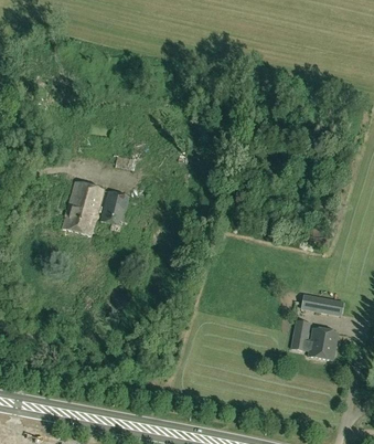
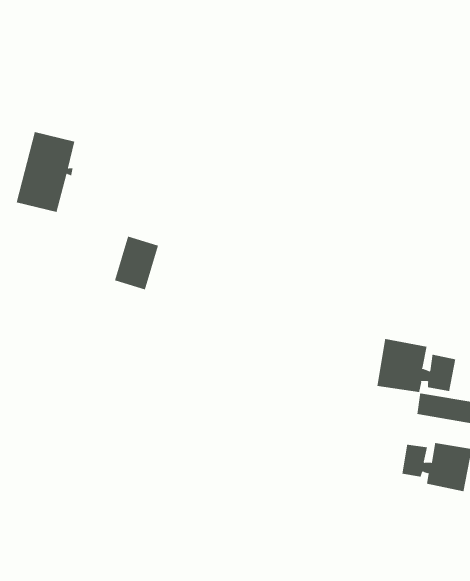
building: [63,181,103,235] -> [16,131,75,212]
building: none -> [377,338,456,393]

